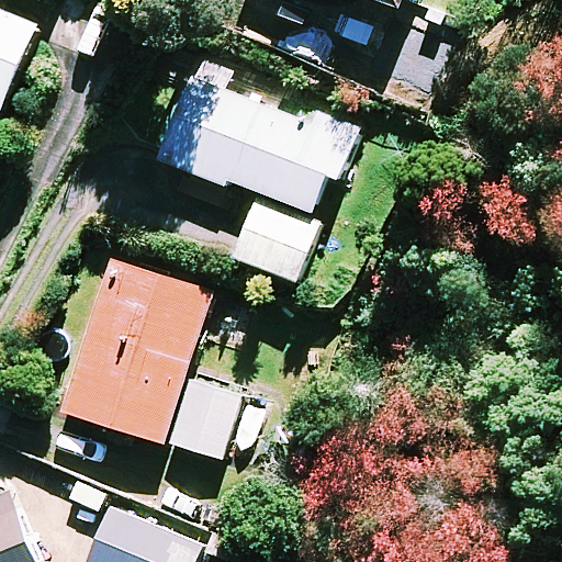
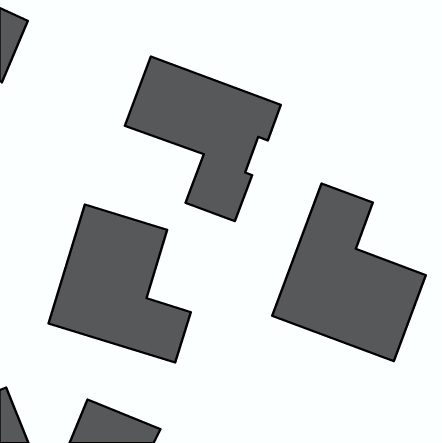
building: none -> [272,183,426,361]

